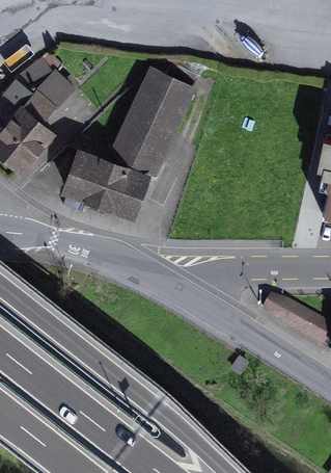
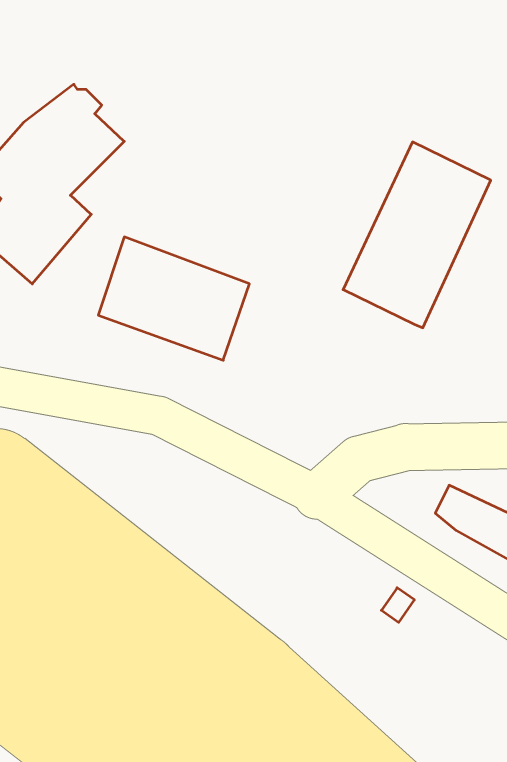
building: [109,64,197,176] -> [343,142,491,328]

